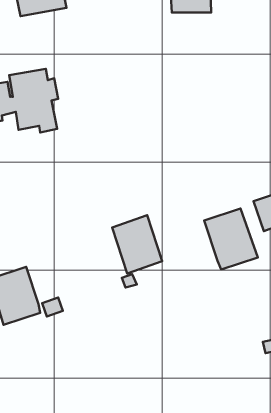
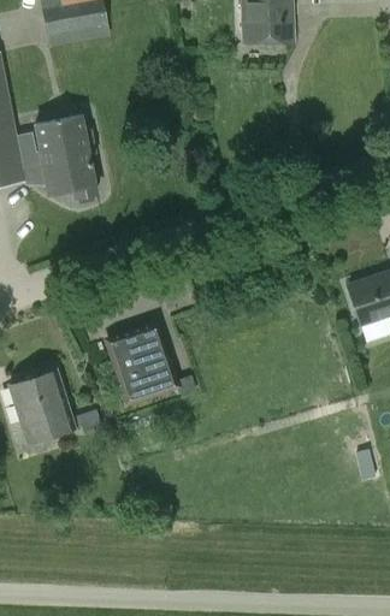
building: [204,208,258,270] -> none
building: [112,215,162,273] -> [108,326,172,401]

